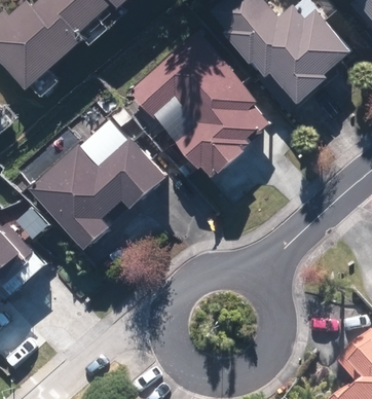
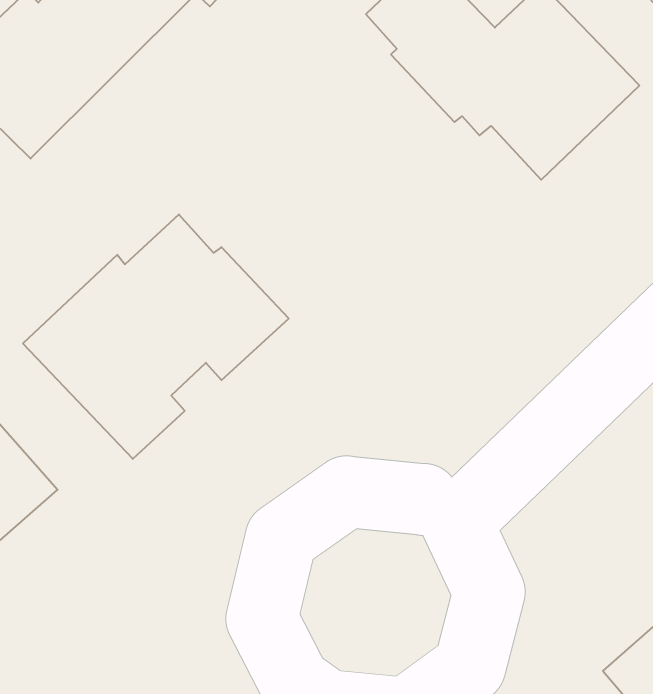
building: [127,32,270,167] -> none

